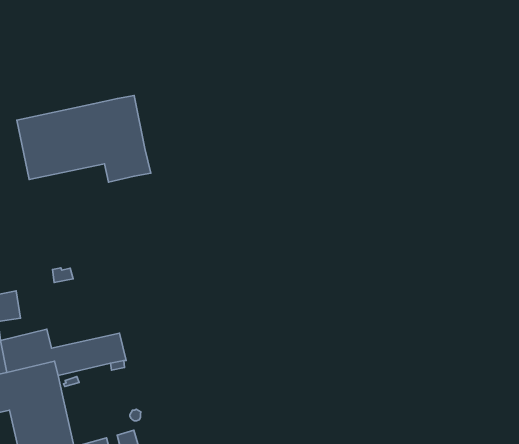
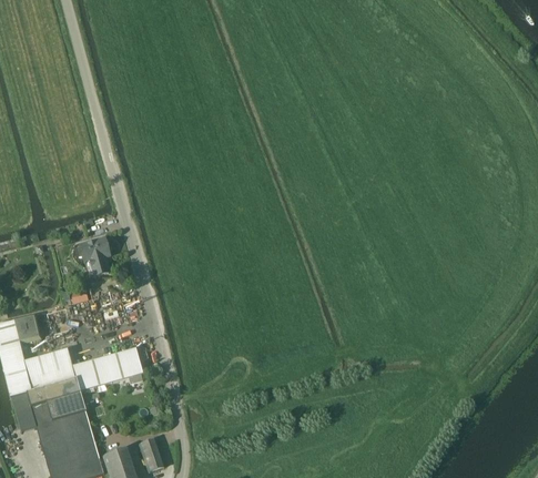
building: [17,96,151,182] -> none
building: none -> [78,236,109,275]

